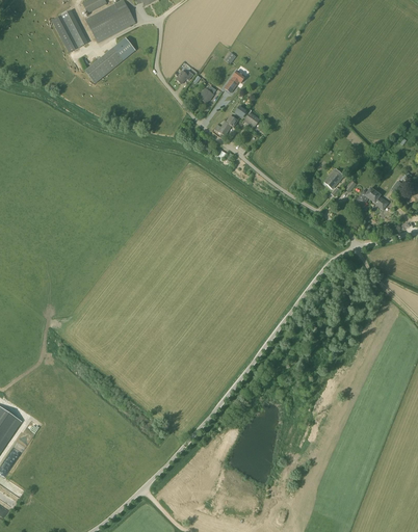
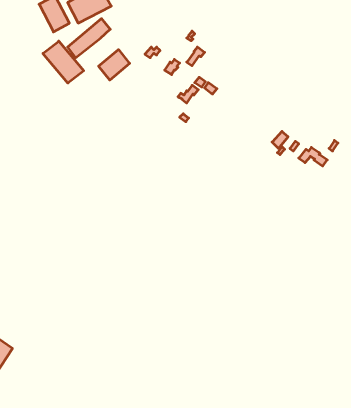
building: none -> [43,41,84,83]
building: none -> [99,50,130,80]

